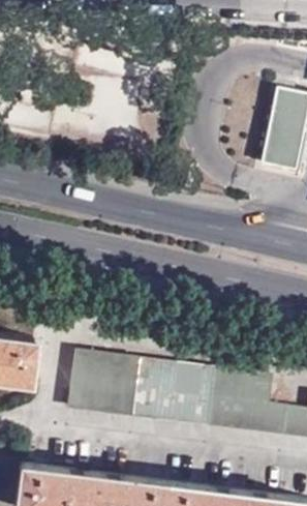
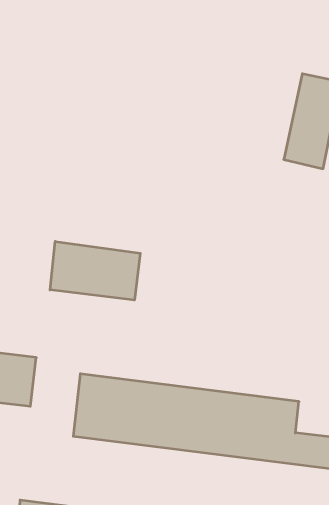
building: none -> [50,241,140,300]

